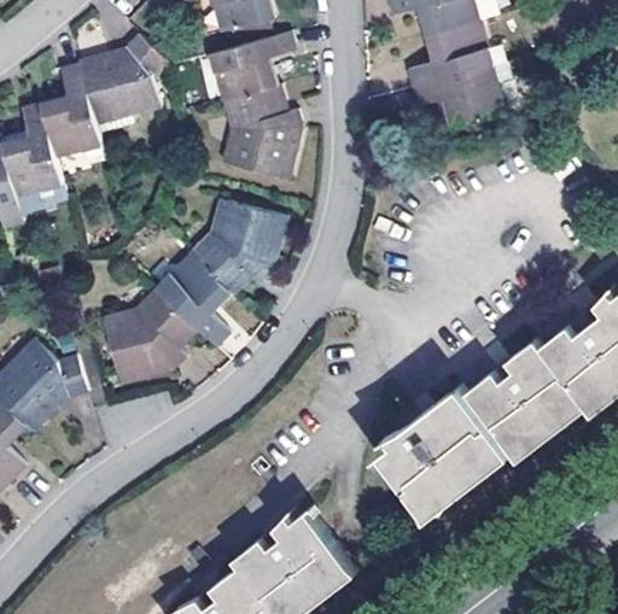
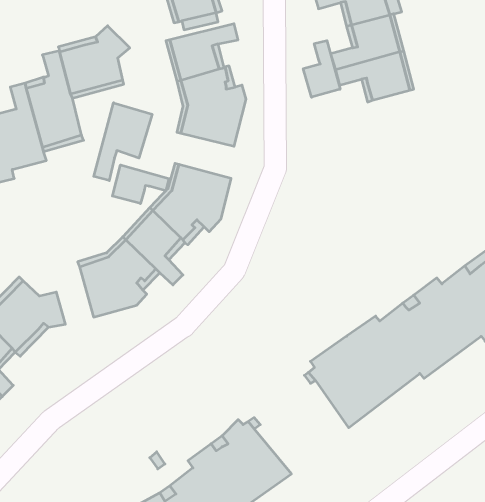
building: none -> [303,41,340,97]
building: none -> [94,103,152,181]
building: none -> [112,165,169,204]

